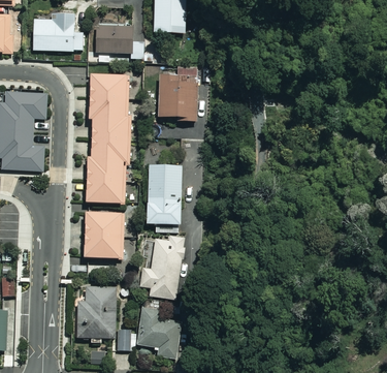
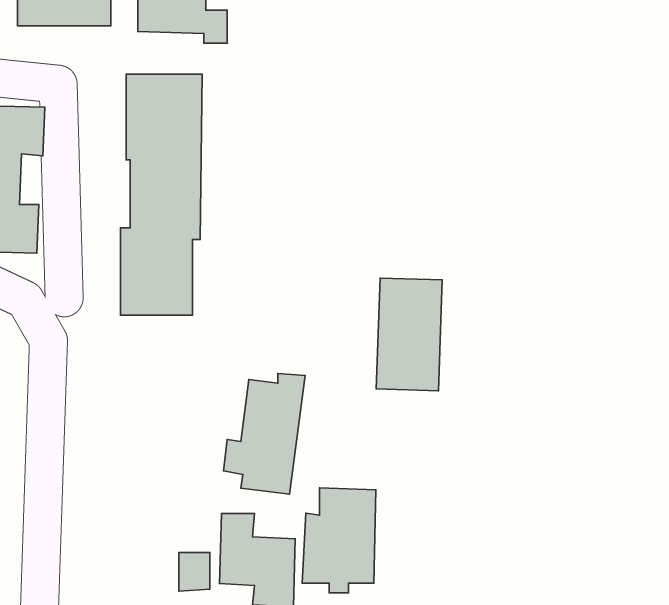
building: [158,66,198,121] -> none
building: [147,164,182,224] -> [376,278,442,391]
building: [85,212,124,257] -> none
building: [76,286,116,342] -> [302,488,376,593]

